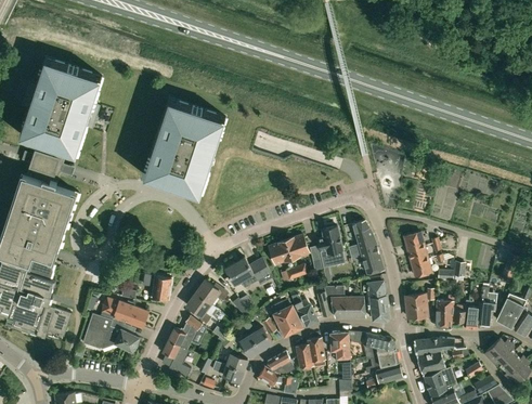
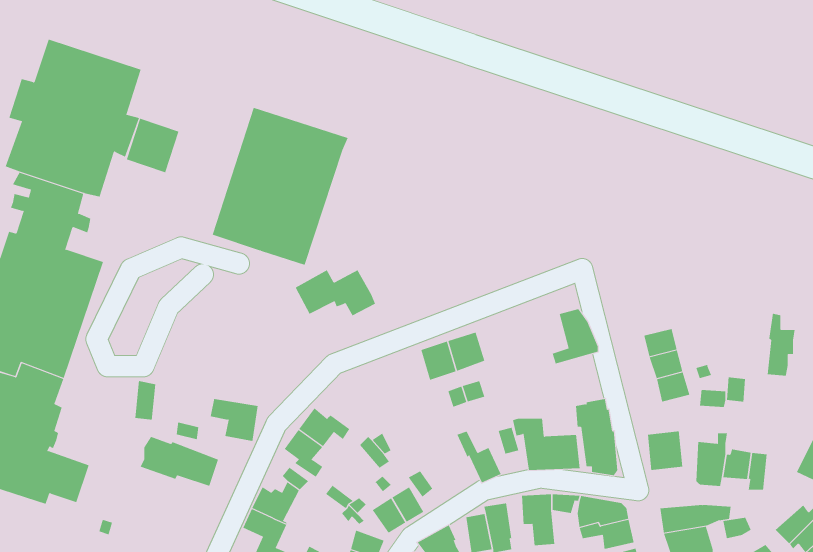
building: none -> [126,118,179,173]
building: [316,226,342,269] -> none
building: [350,247,384,274] -> none
building: [224,258,273,286] -> [295,270,376,316]
building: [479,287,496,325] -> [767,313,796,376]
building: [271,299,302,337] -> none
building: [82,314,138,352] -> none

